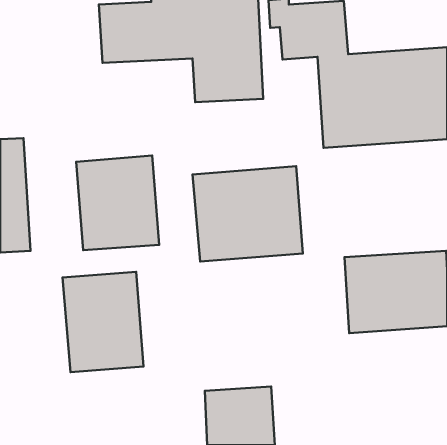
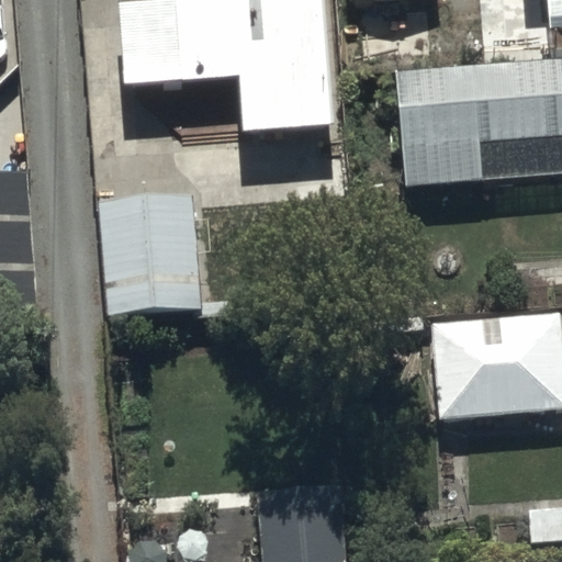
building: [192,166,303,262] -> none
building: [63,272,143,372] -> none

